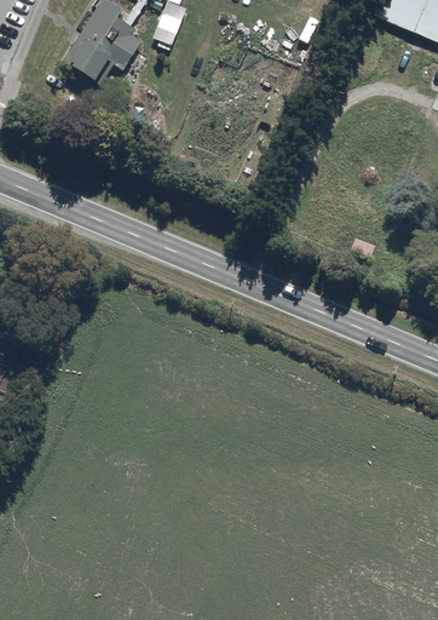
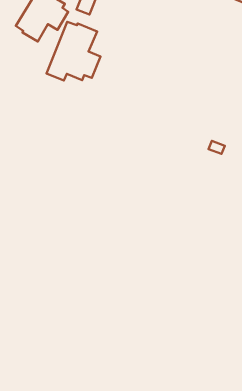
building: none -> [47,22,101,81]

